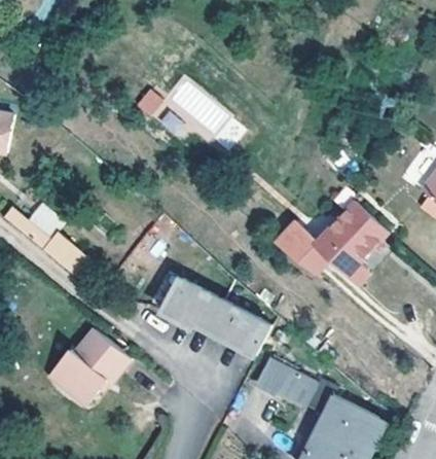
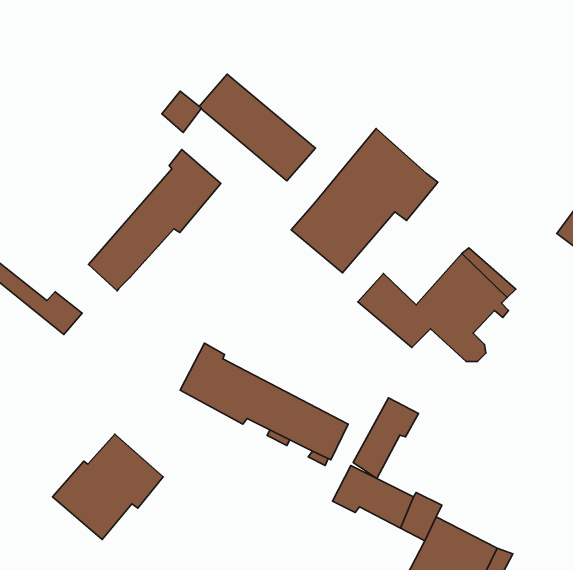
building: none -> [291,128,438,273]
building: none -> [89,149,221,291]
building: none -> [353,398,418,478]

